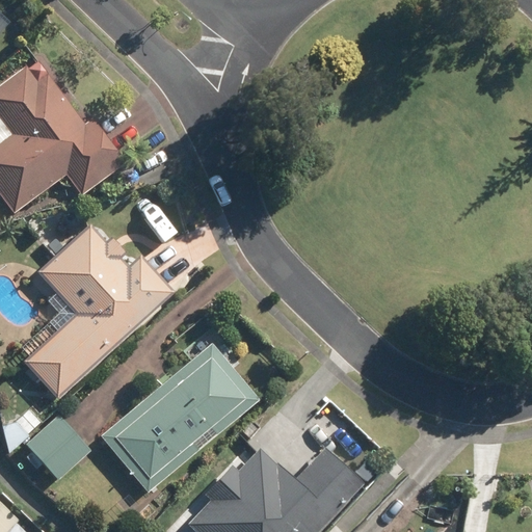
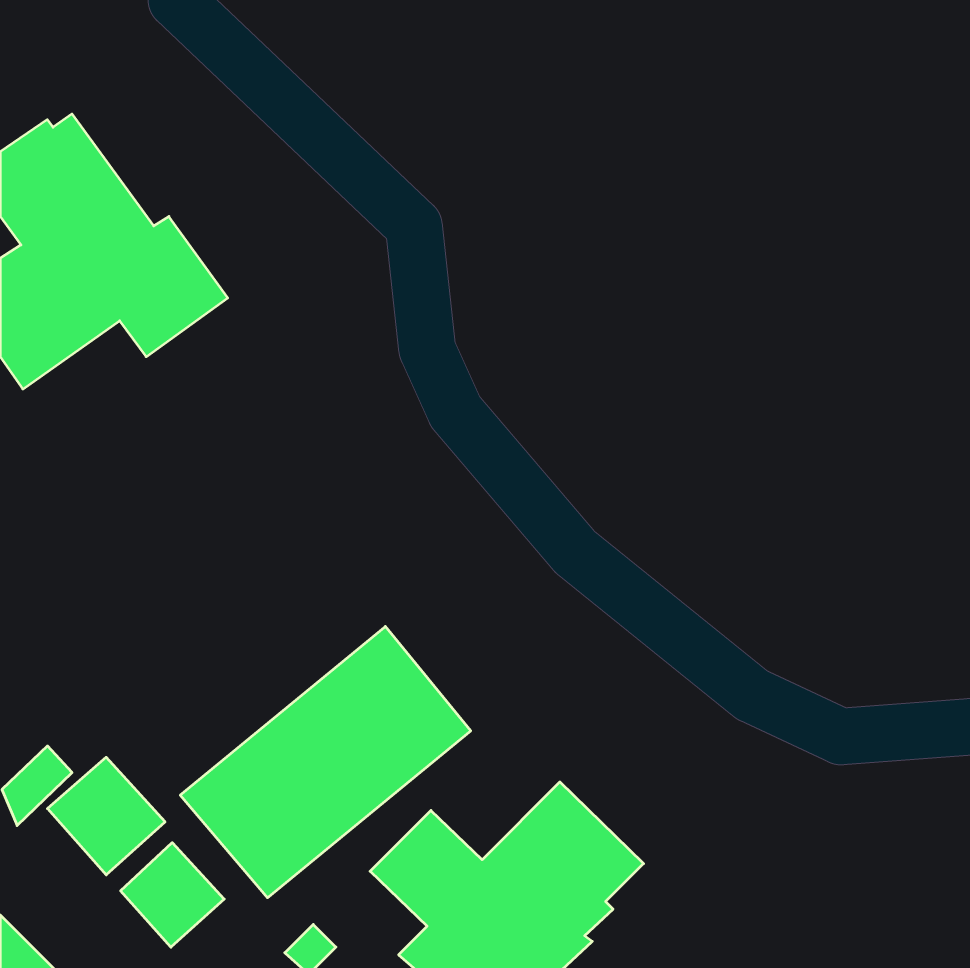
building: [23,224,174,399] -> none
building: none -> [121,843,224,947]

